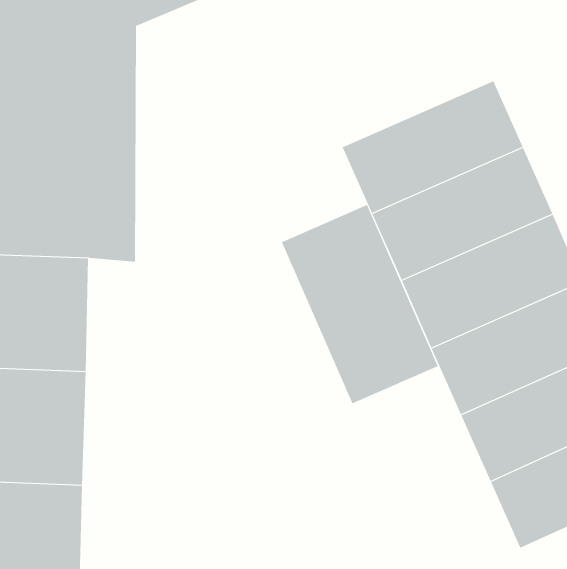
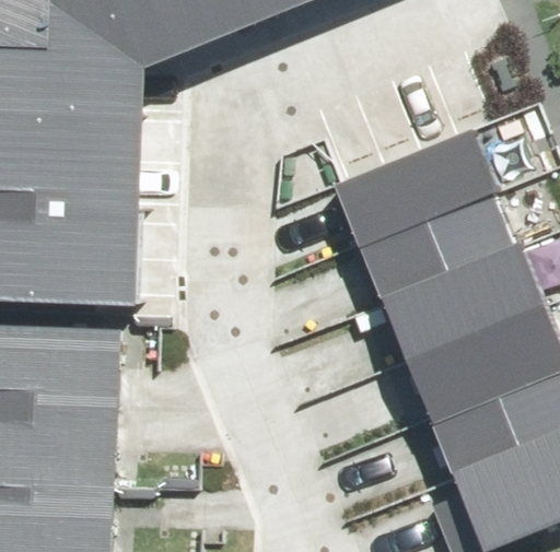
building: [281,204,439,404] -> none

